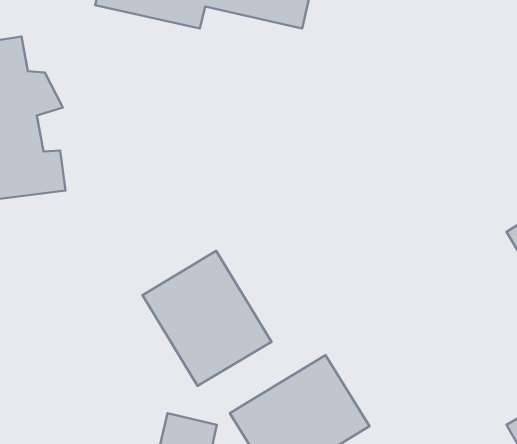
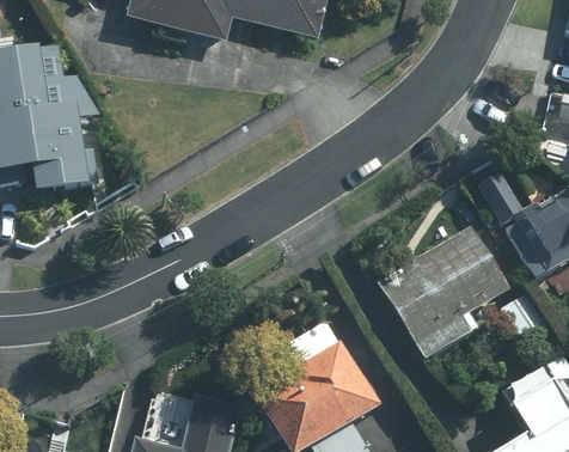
building: none -> [374,224,508,361]
building: [142,251,271,386] -> none

